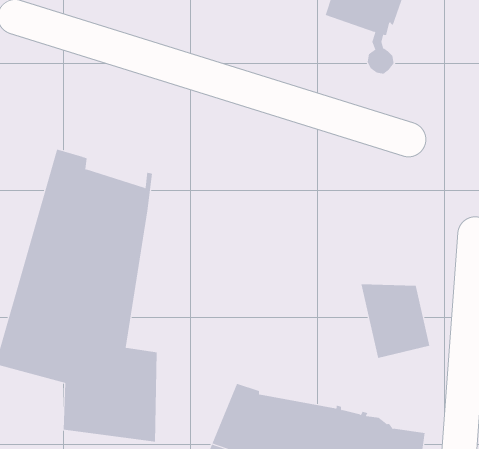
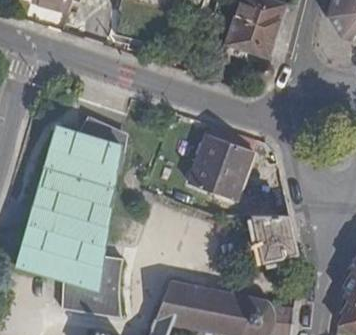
building: none -> [73,118,126,169]
building: none -> [186,134,250,199]

